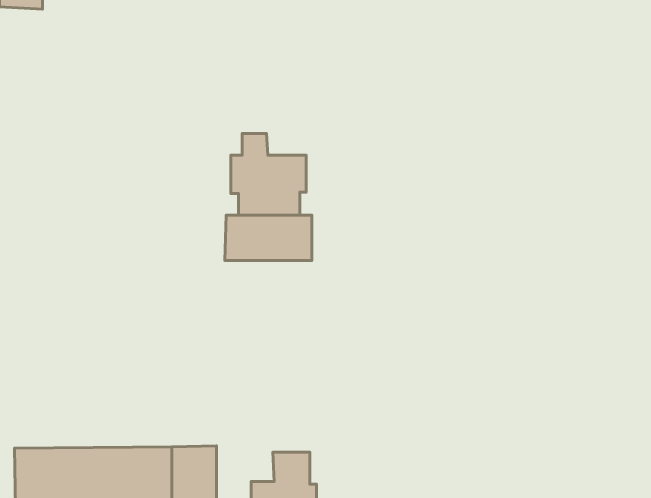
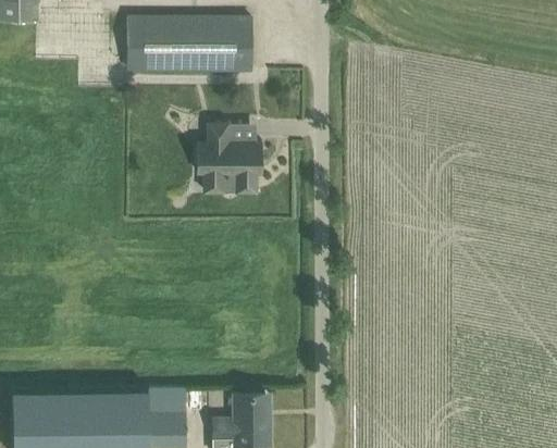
building: none -> [127,18,250,72]
building: [225,215,312,260] -> none

